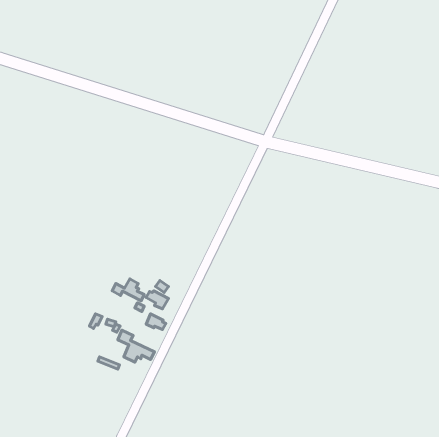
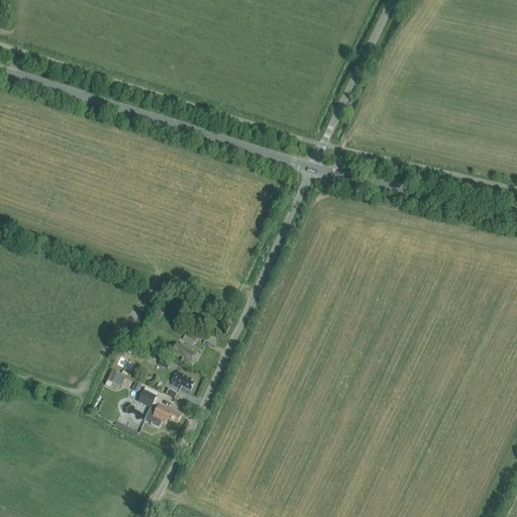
building: [112,279,144,301] -> none

